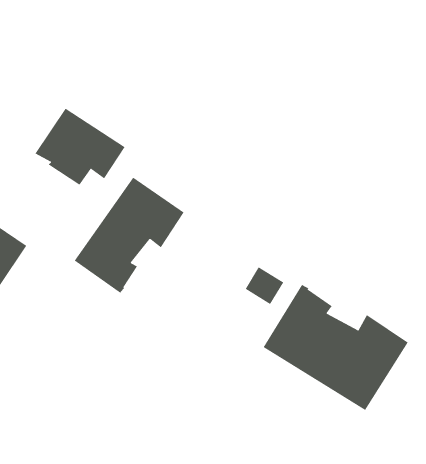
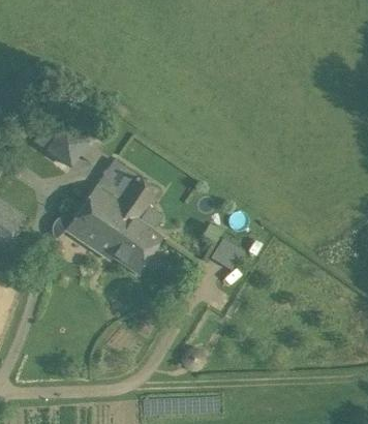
building: none -> [109,214,163,274]
building: [263,284,409,411] -> none

